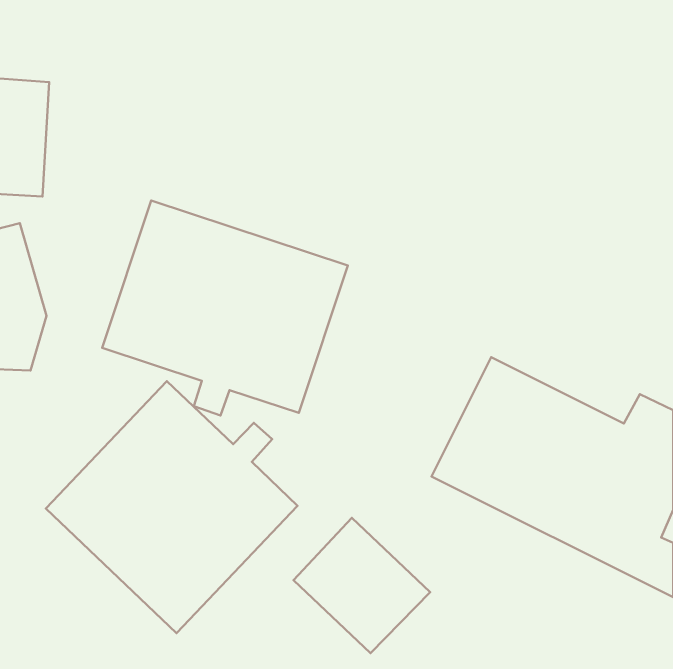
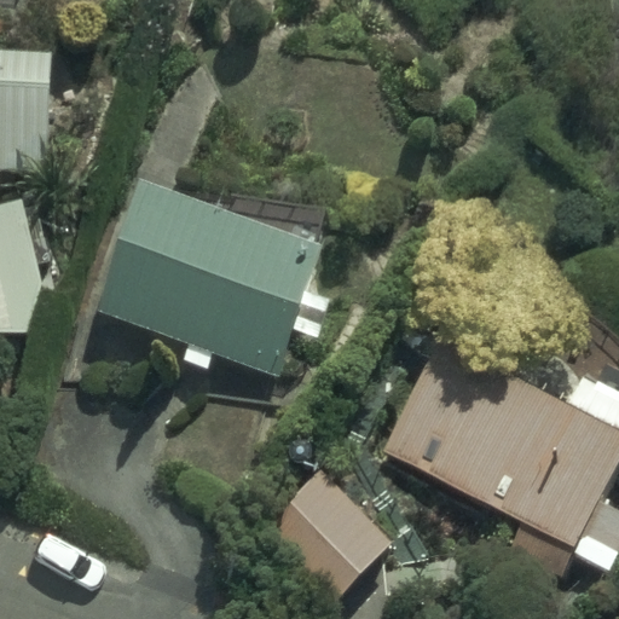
building: [46,381,297,633] -> none

